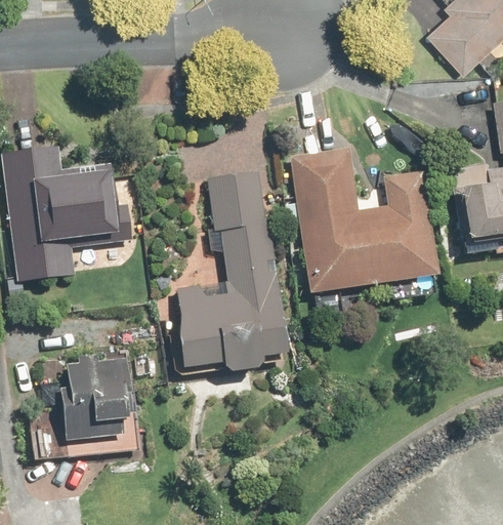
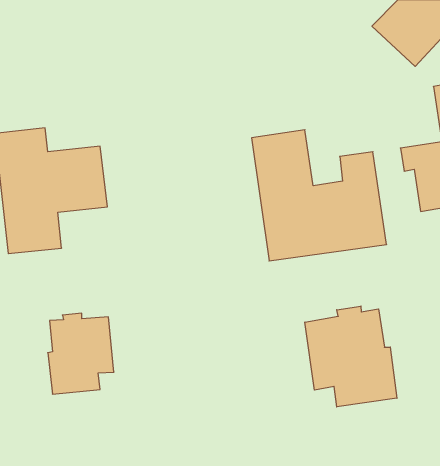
building: [174,165,280,371] -> none
building: none -> [305,306,397,407]

